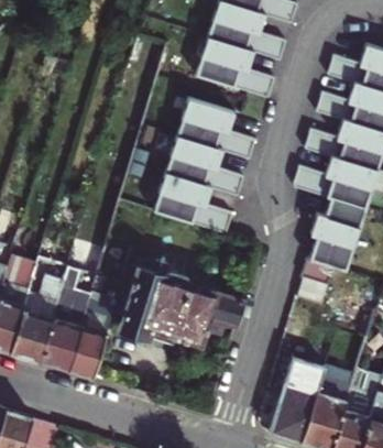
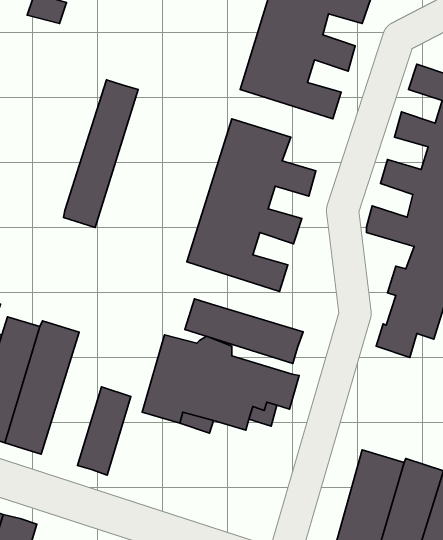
building: none -> [63,80,138,228]
building: none -> [185,299,303,364]
building: [37,266,90,371] -> none

